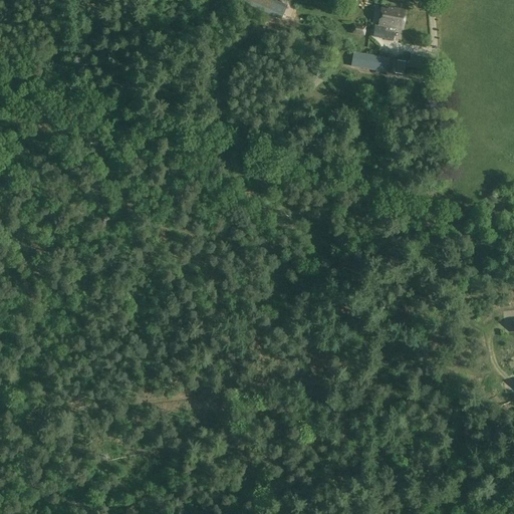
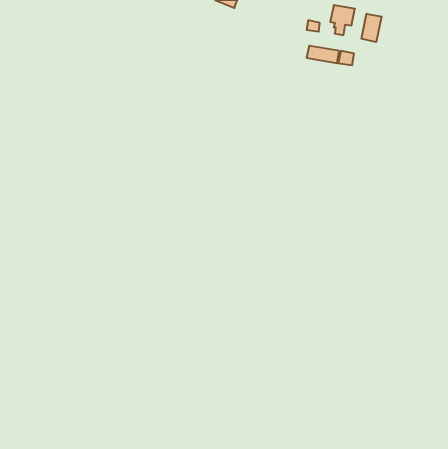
building: none -> [361,14,381,42]

